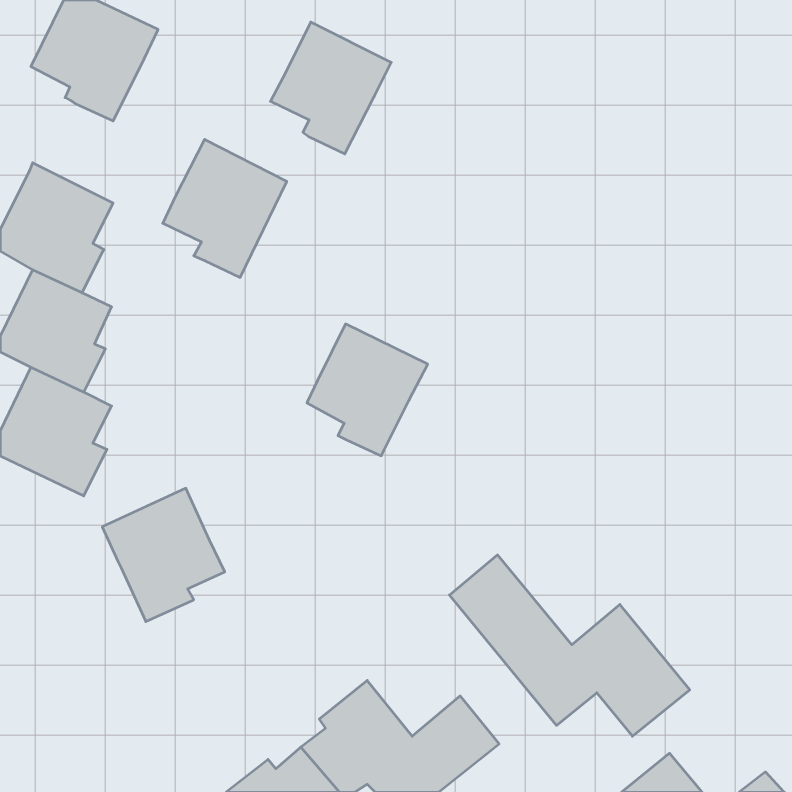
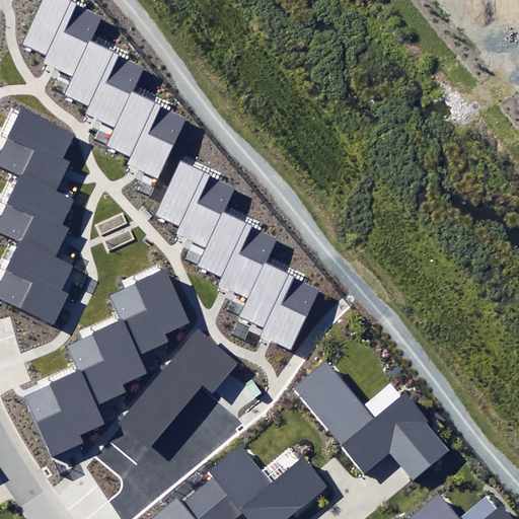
building: [270,22,391,154] -> [66,43,145,129]
building: none -> [155,161,238,248]
building: none -> [240,262,322,352]
building: none -> [112,271,189,353]
building: none -> [121,329,238,448]
building: none -> [23,371,105,457]

